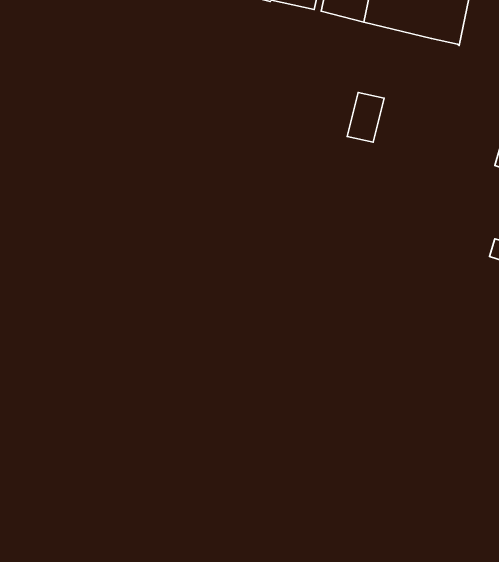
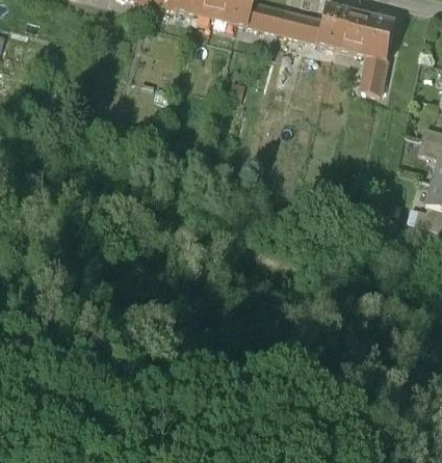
building: [347,92,384,142] -> [361,55,389,92]

